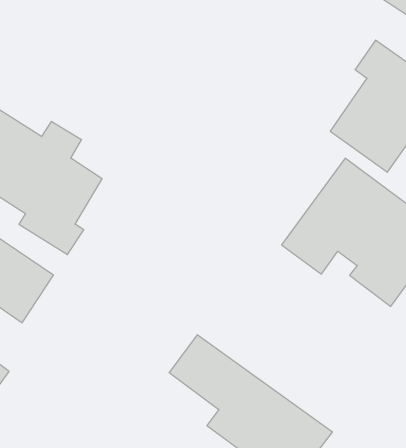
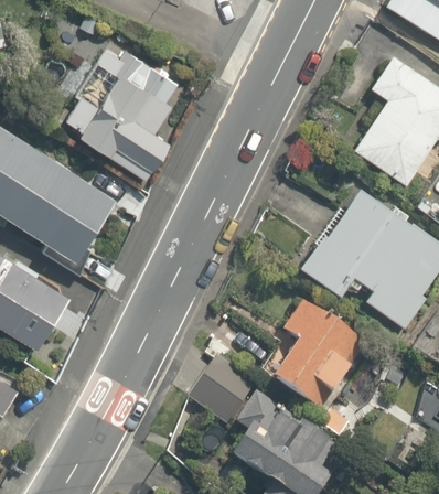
building: none -> [60,37,181,180]
building: none -> [264,298,376,449]

